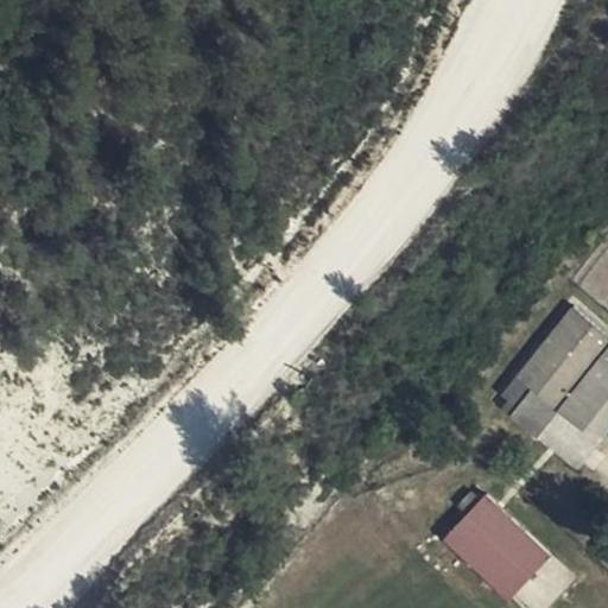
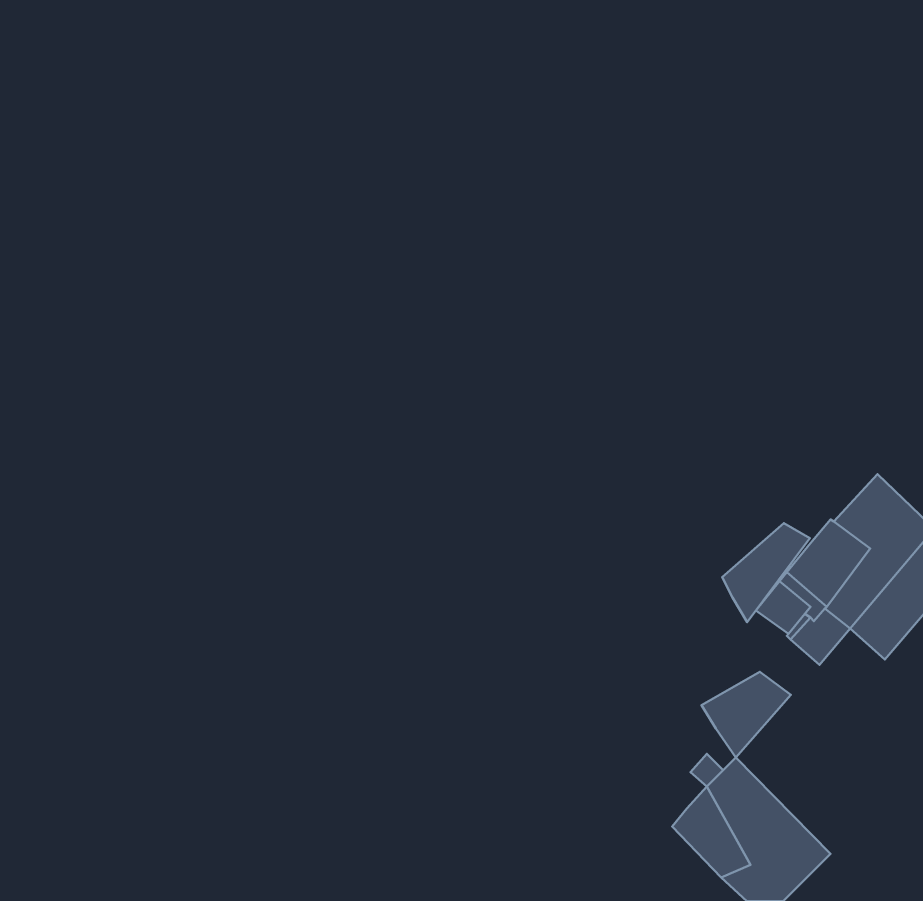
building: none -> [722,523,810,622]
building: none -> [701,672,791,757]

